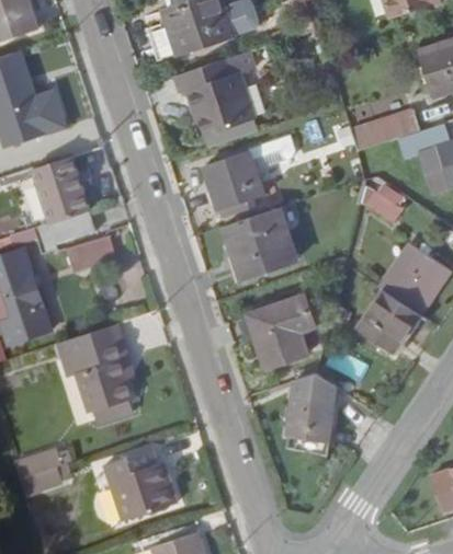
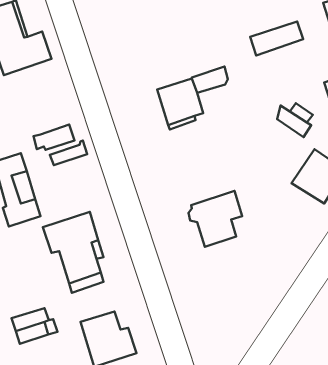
building: [175,57,254,134] -> none
building: [350,109,418,153] -> [250,21,303,55]
building: [37,153,93,222] -> none
building: [226,209,298,280] -> none
building: [356,287,421,350] -> none
building: [290,371,336,438] -> none

